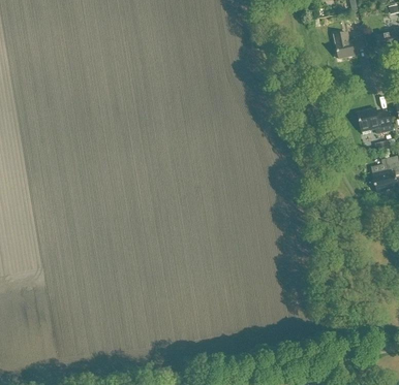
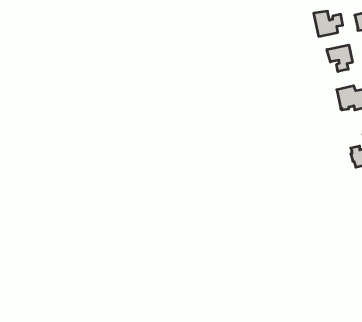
building: none -> [327,45,352,72]

